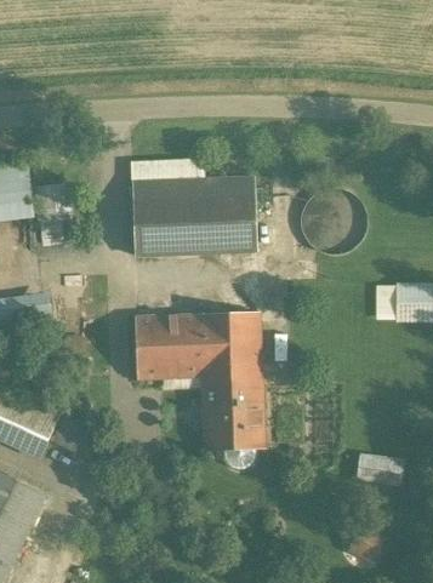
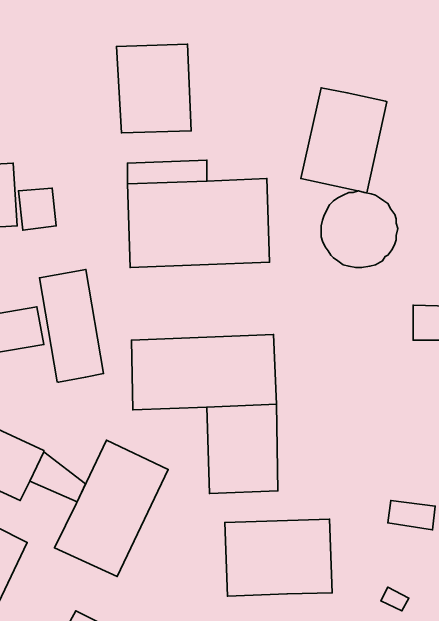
building: none -> [116,44,191,133]
building: none -> [301,88,387,193]
building: none -> [40,269,103,382]
building: none -> [55,440,168,576]
building: none -> [225,519,332,596]

